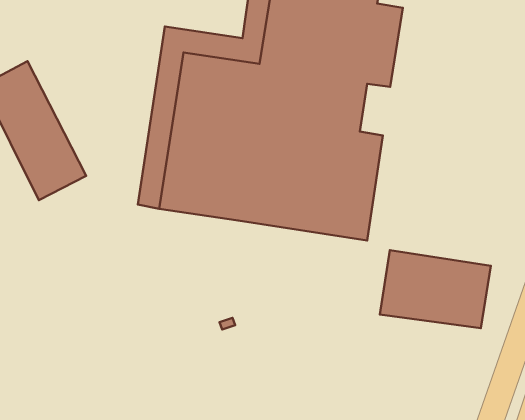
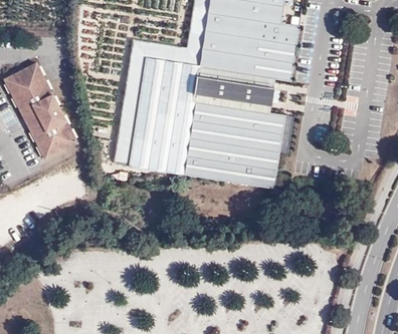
building: [380,250,491,328] -> none

